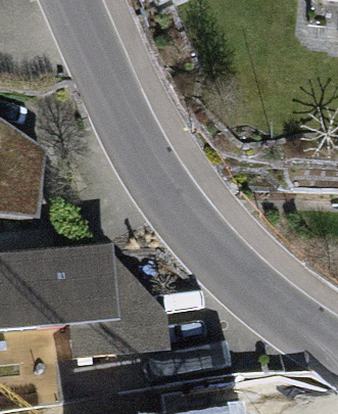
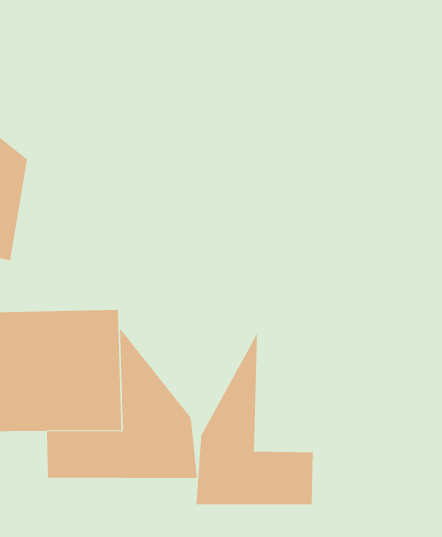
building: none -> [196,332,313,505]

